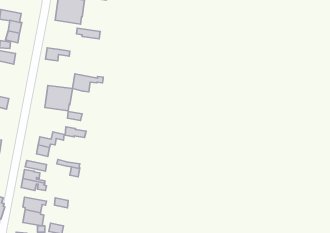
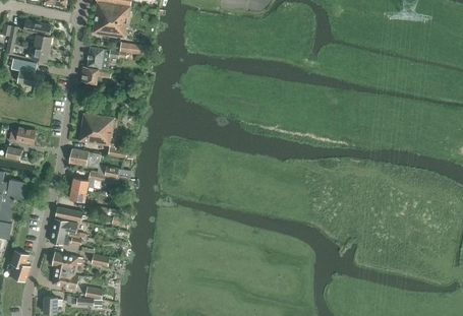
building: [72,74,103,92] -> [88,47,126,69]
building: none -> [69,149,101,168]

